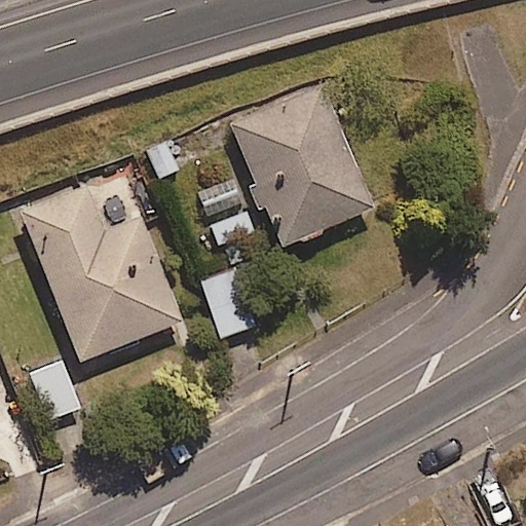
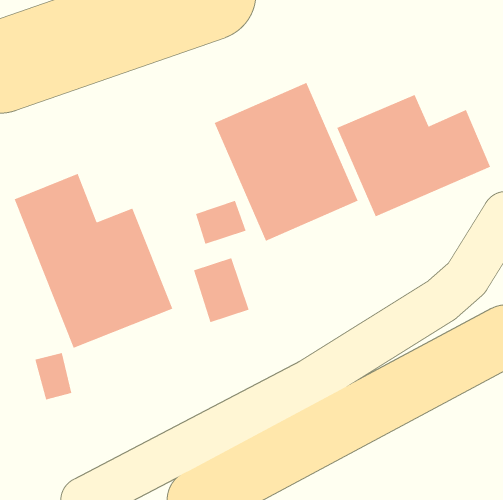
building: none -> [337,94,491,217]

